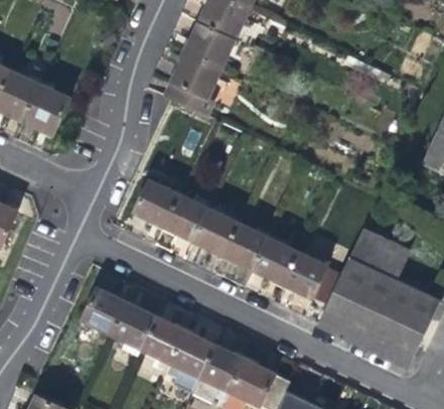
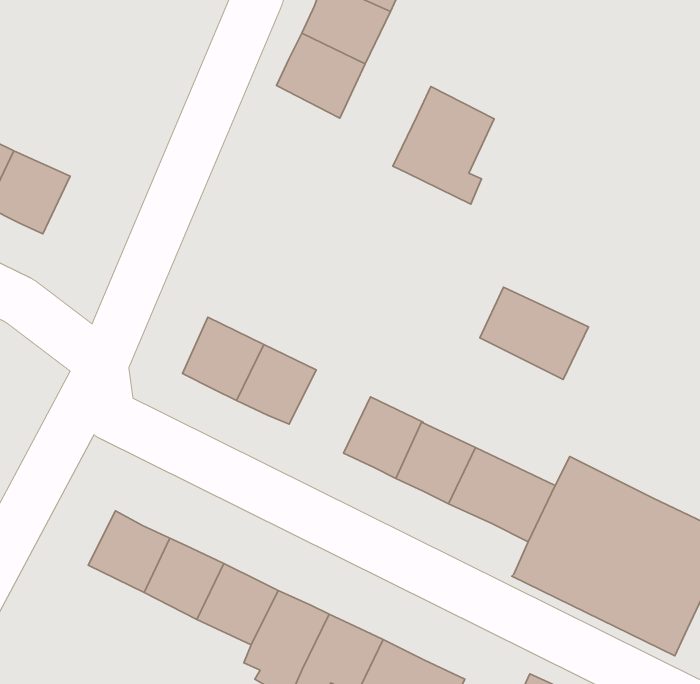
building: [163,51,219,117] -> [393,86,494,204]
building: [191,210,237,256] -> none
building: [347,230,408,281] -> [480,287,589,379]

